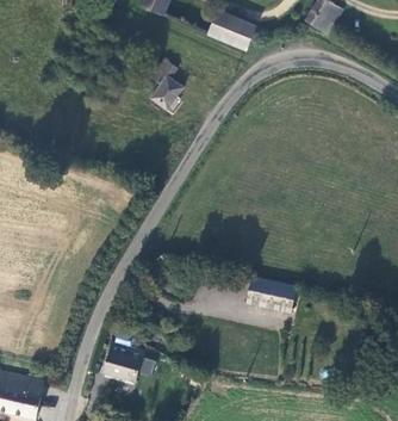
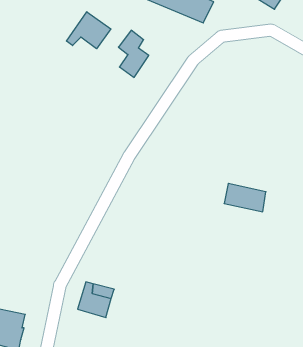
building: none -> [66,12,111,49]
building: [245,279,293,311] -> [224,183,266,212]

